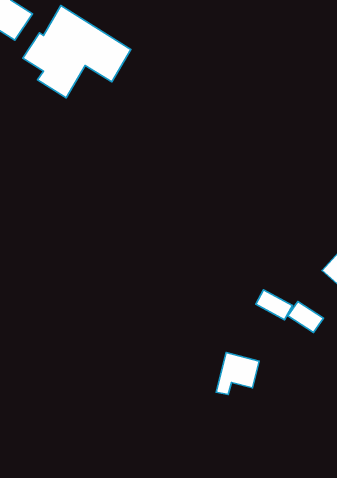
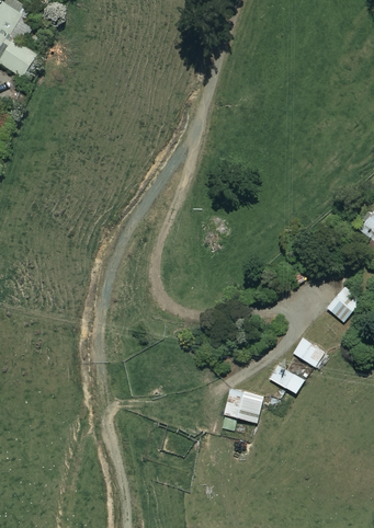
building: [23,6,131,98] -> none
building: [256,290,292,320] -> [268,364,304,393]

